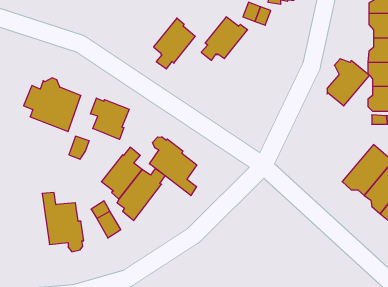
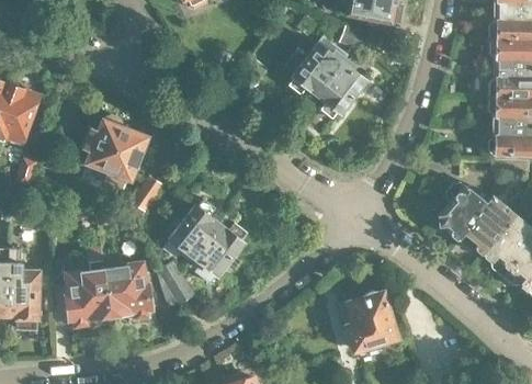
building: [154,18,195,69] -> [317,58,366,118]
building: [327,59,370,106] -> [437,182,487,238]
building: [90,98,129,139] -> none
building: [149,137,197,196] -> none
building: none -> [66,252,110,329]
building: none -> [341,289,397,358]

